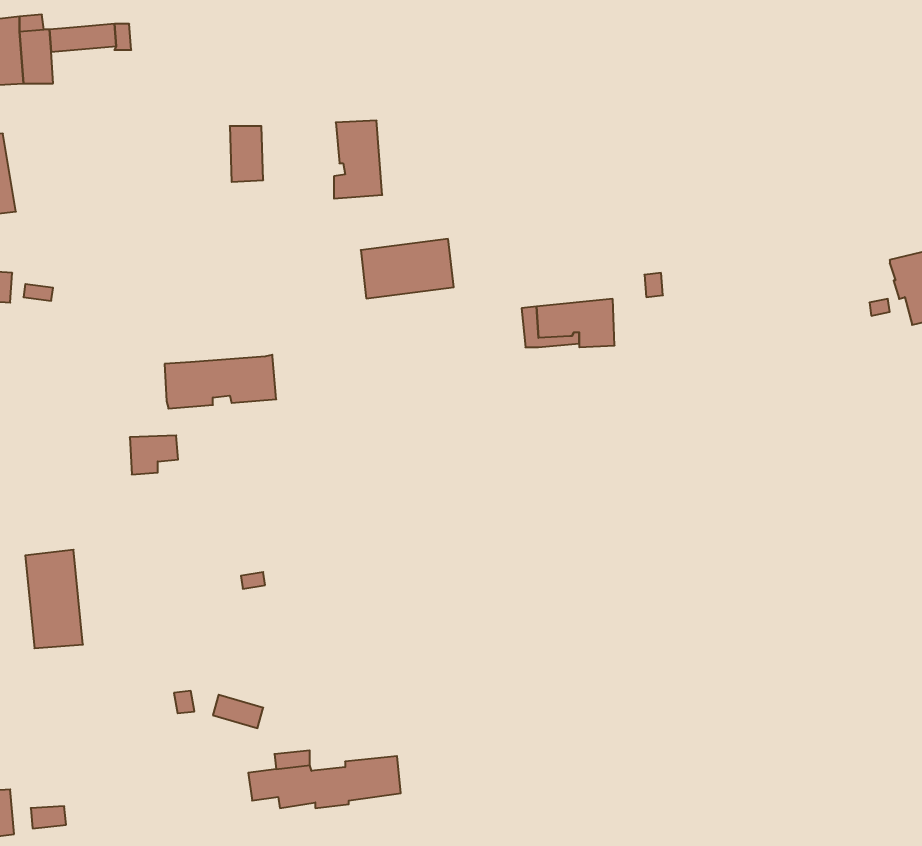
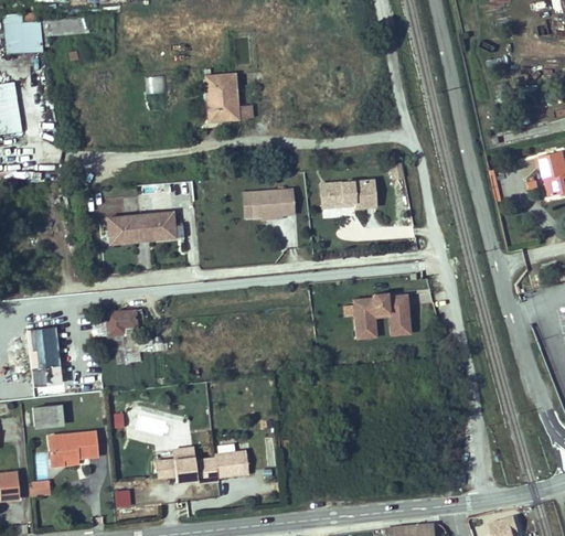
building: [361,239,454,298] -> [243,186,298,222]
building: [130,435,178,474] -> [107,312,136,335]
building: none -> [351,294,408,340]
building: none -> [34,406,64,426]
building: none -> [51,431,99,465]

